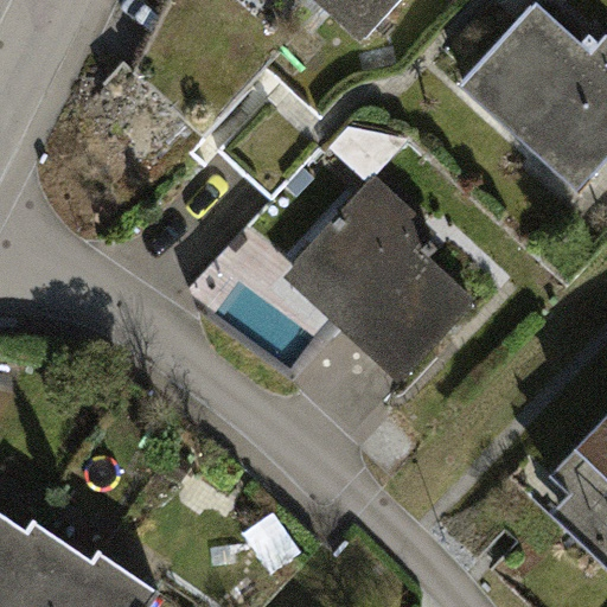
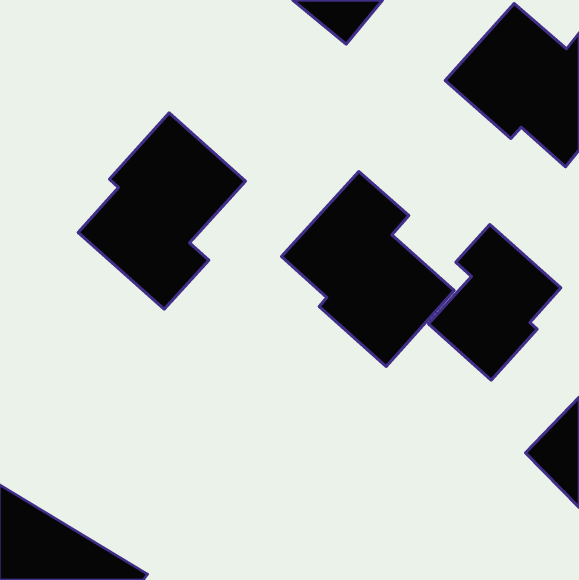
building: none -> [78,113,245,309]
building: none -> [429,225,561,380]

